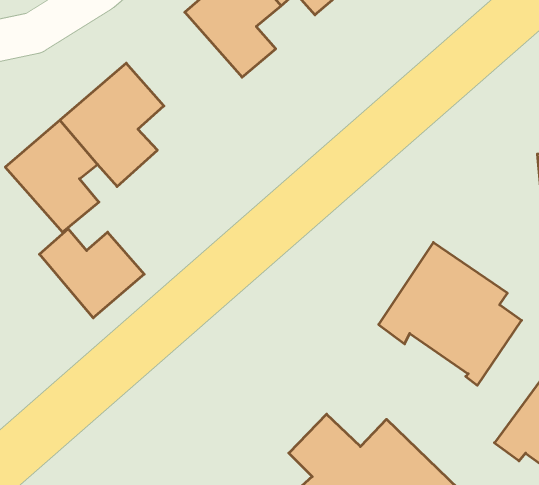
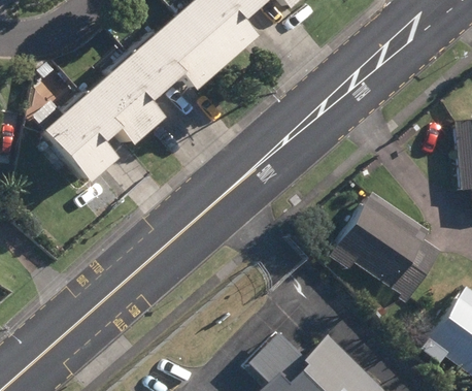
building: none -> [130,11,222,95]
building: [39,229,144,318] -> none

